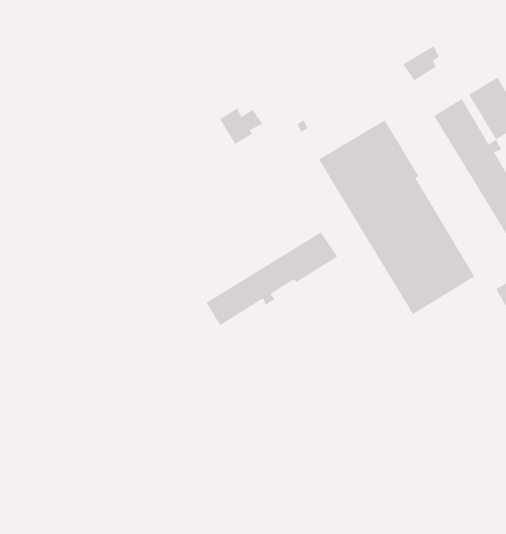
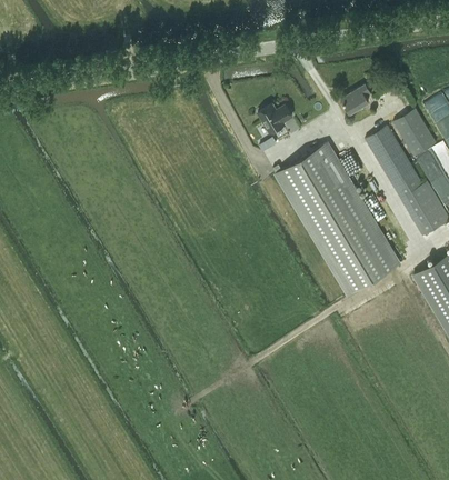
building: [219,108,263,145] -> [258,104,292,133]
building: [205,231,338,326] -> none

